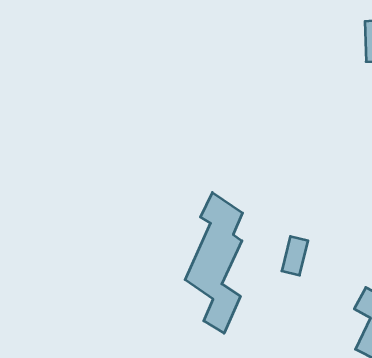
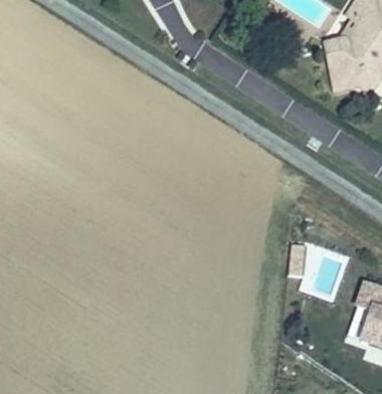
building: [185,192,243,333] -> none

